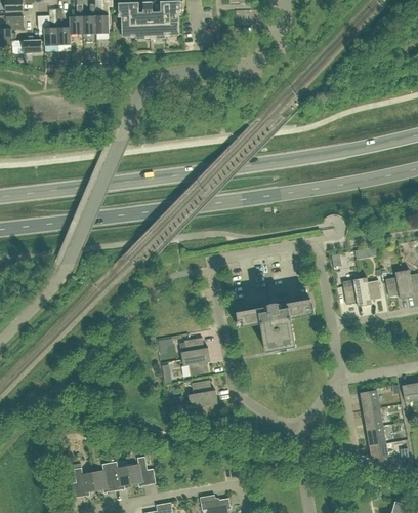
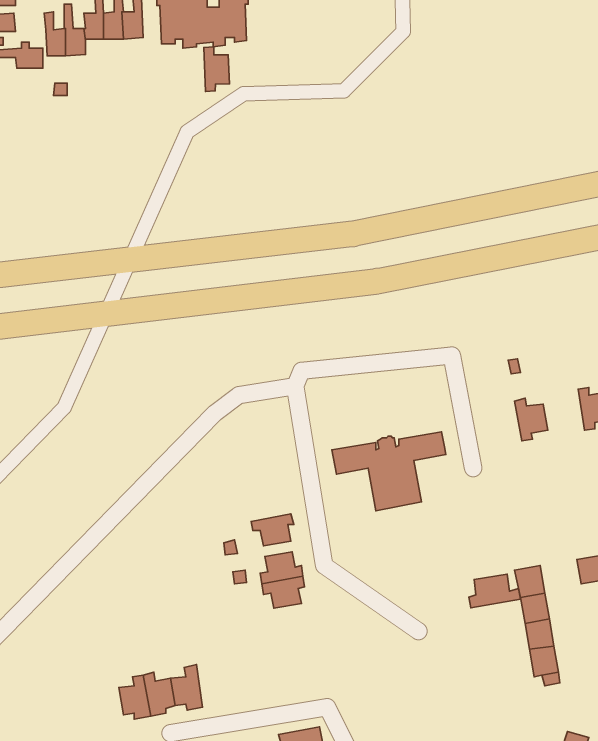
building: none -> [204,47,230,91]
building: [384,270,406,299] -> none
building: [342,278,364,306] -> none
building: [180,337,208,359] -> none
building: none -> [469,574,520,608]
building: [73,467,95,497] -> none

